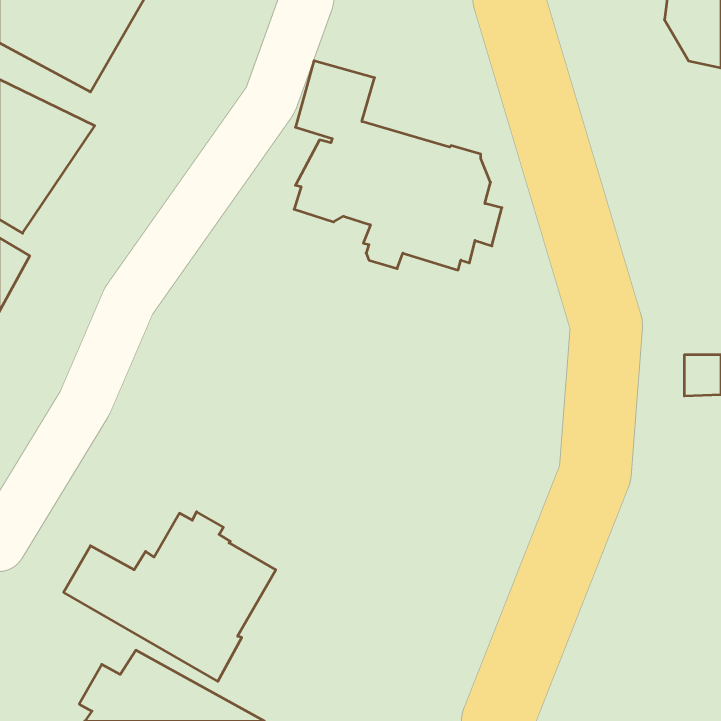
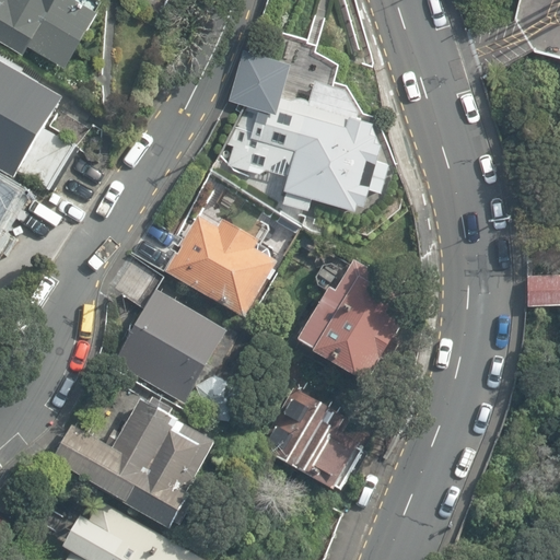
building: none -> [164,214,276,317]
building: none -> [296,257,416,382]
building: none -> [113,289,226,402]
building: none -> [261,388,362,489]

